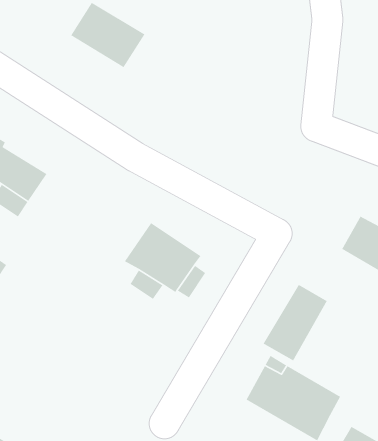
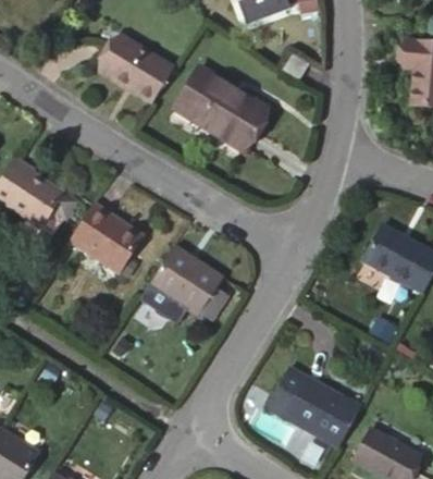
building: none -> [175,62,270,145]
building: none -> [74,196,148,263]
building: [263,284,328,362] -> none

